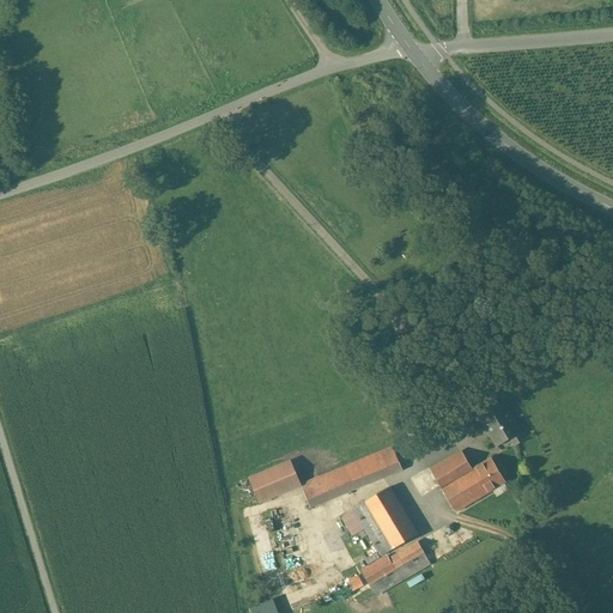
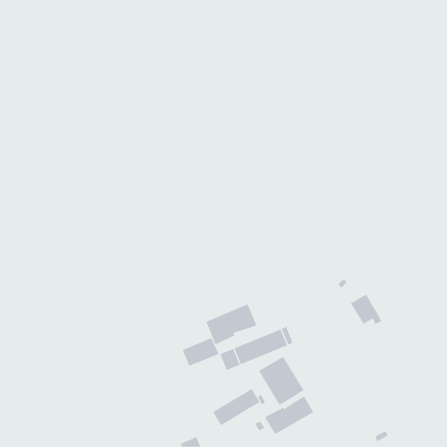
building: none -> [206,304,257,345]
building: [430,453,505,511] -> none
building: none -> [212,388,260,426]

